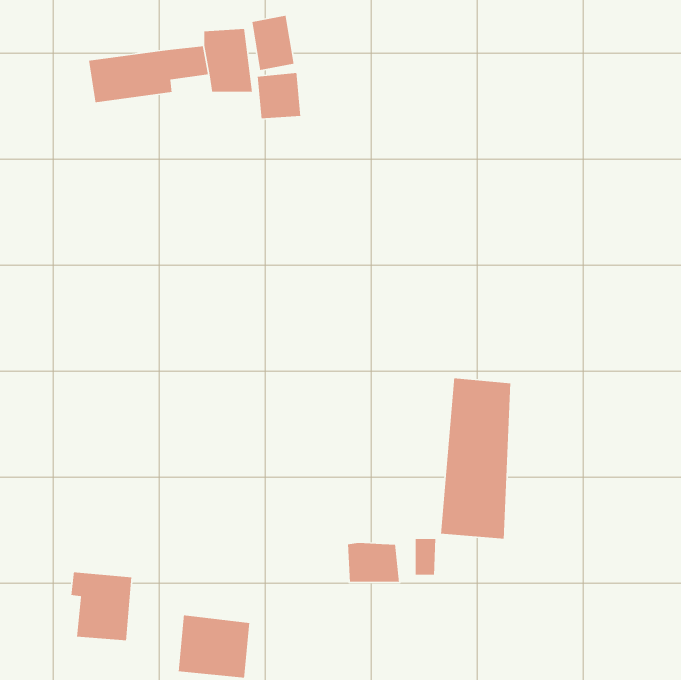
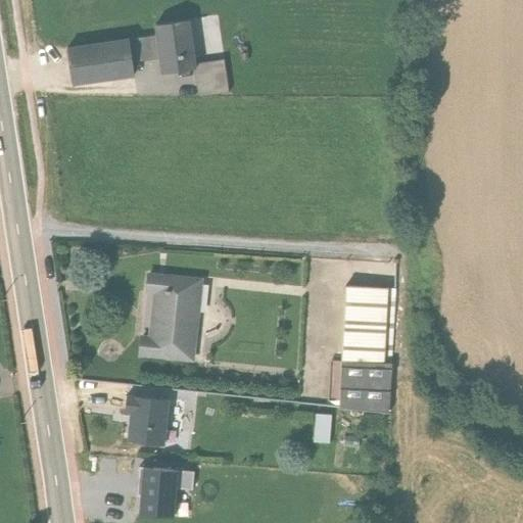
building: none -> [136,273,204,362]
building: [347,542,400,583] -> none
building: [71,571,132,641] -> [122,396,169,449]

